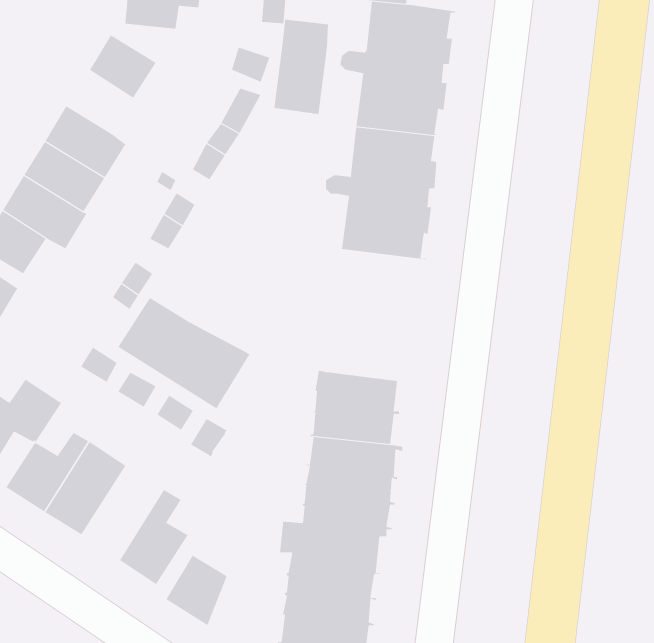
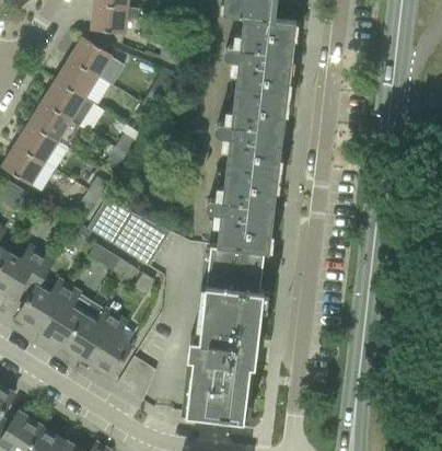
building: [274,19,329,115] -> none
building: none -> [56,58,97,97]
building: none -> [207,169,278,251]
building: none -> [66,302,116,360]

